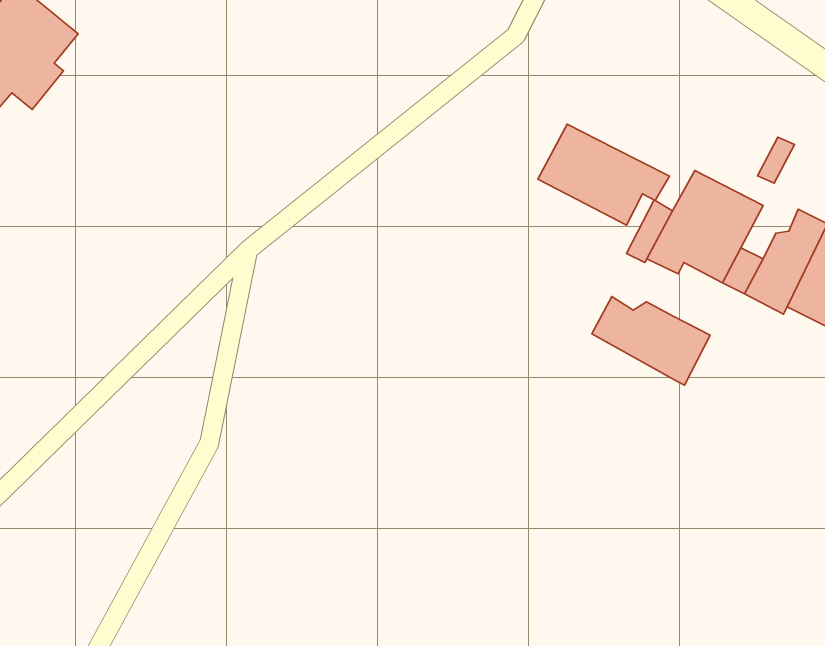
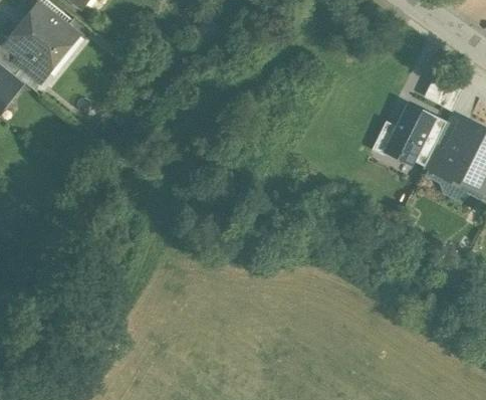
building: [538,124,669,225] -> none
building: [592,296,710,385] -> none

